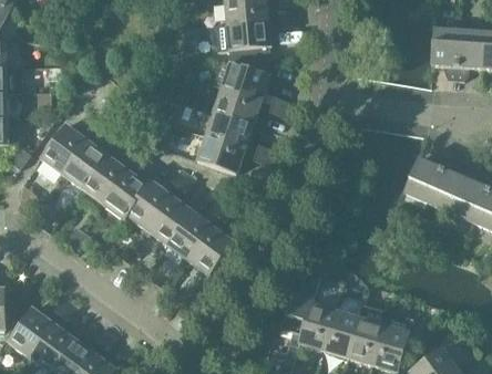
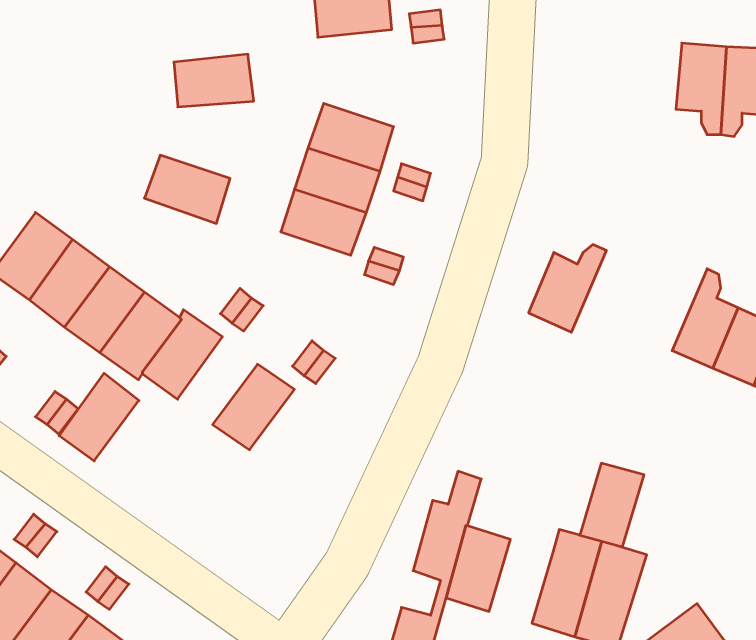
building: [225,19,270,49] -> [174,54,254,107]
building: [195,134,244,173] -> [144,155,230,223]
building: [402,152,447,201] -> [529,245,606,332]
building: [145,194,191,243] -> [59,373,139,461]
building: [186,224,233,273] -> none
building: [322,309,359,356] -> [580,463,644,547]

